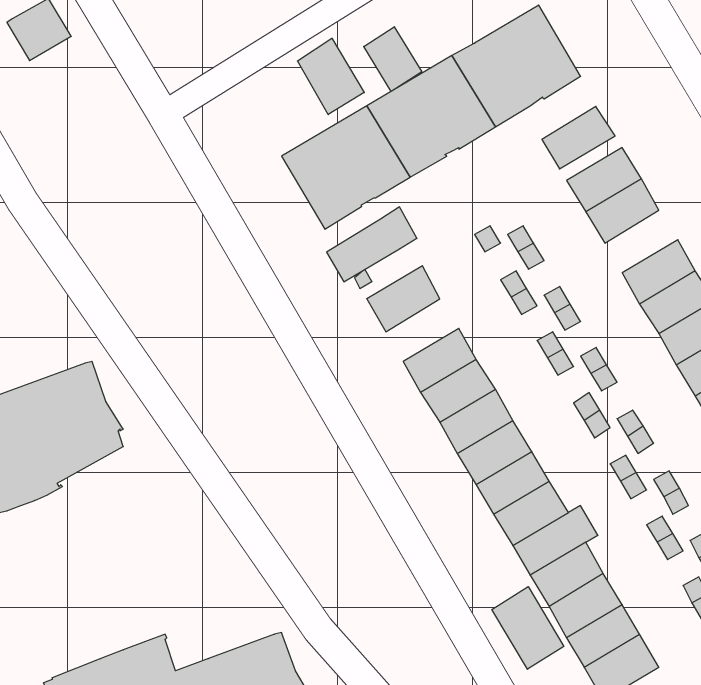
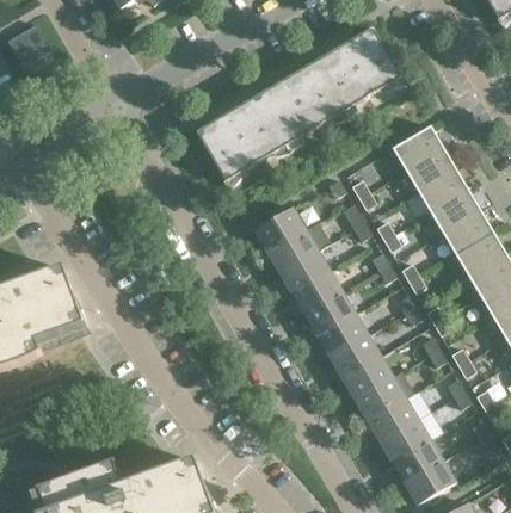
building: [364,27,422,91] -> none
building: [297,38,364,115] -> none
building: [542,106,615,169] -> [418,168,468,211]
building: [327,207,417,282] -> [267,221,330,272]
building: [492,587,564,669] -> none

